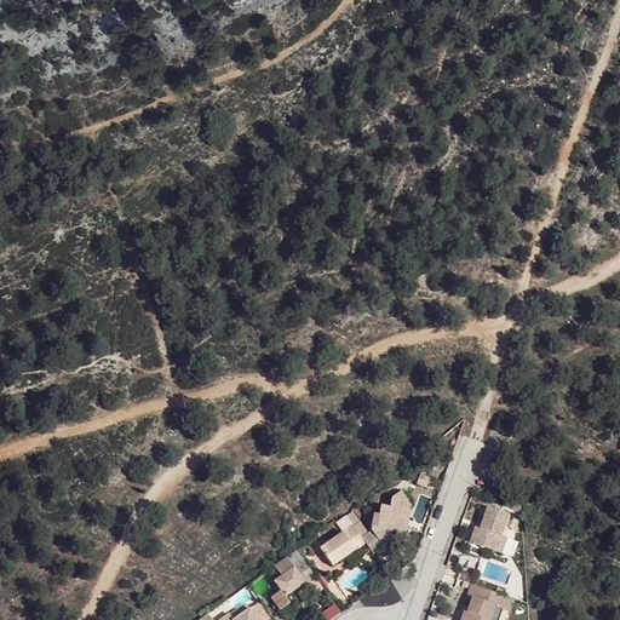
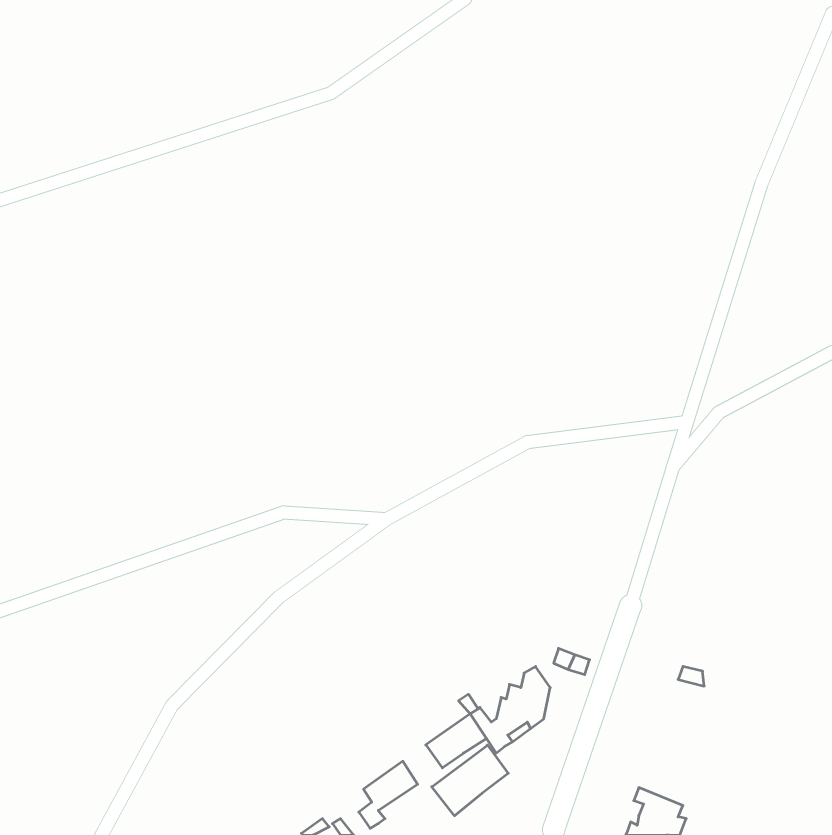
building: [471,505,510,550] -> none
building: none -> [432,745,508,816]

